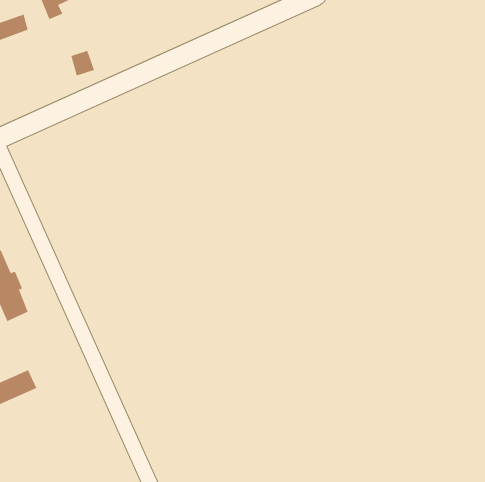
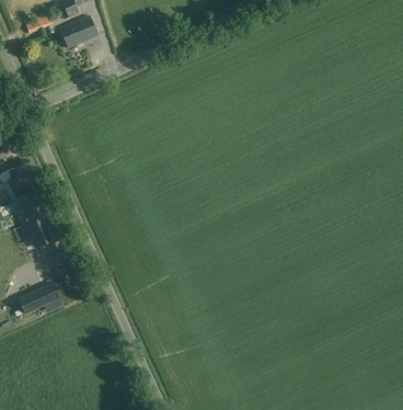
building: none -> [60,14,99,47]

